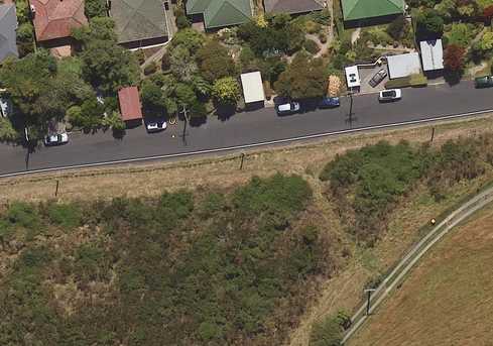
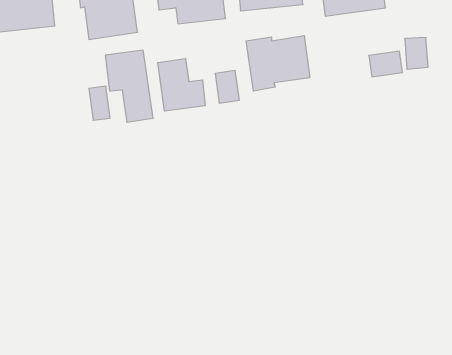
building: none -> [246,36,310,91]
building: none -> [105,50,153,122]
building: none -> [158,58,205,111]

